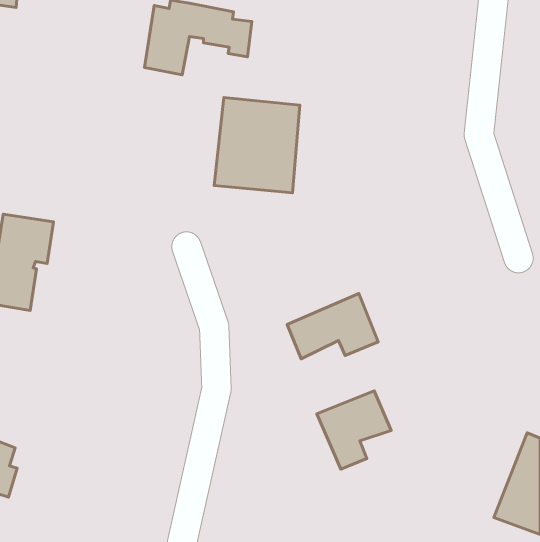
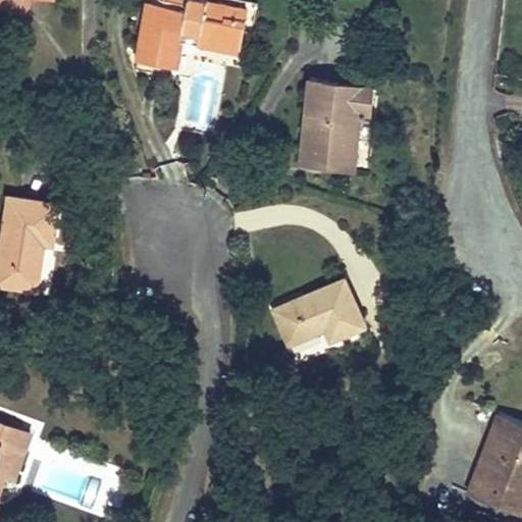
building: [214,98,300,193] -> [300,82,381,172]
building: [317,391,391,469] -> none

